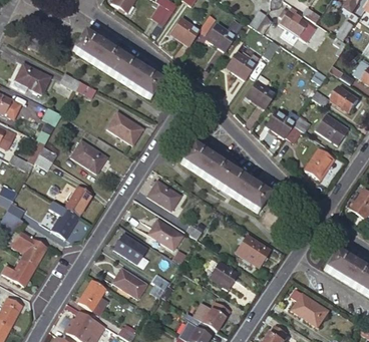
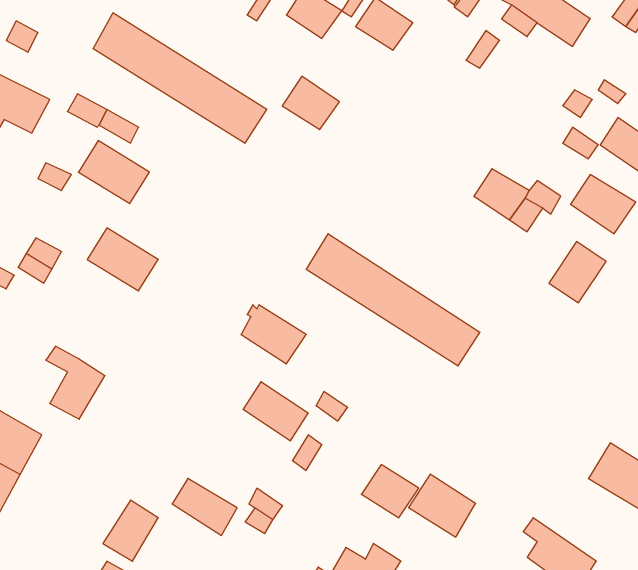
building: [226,52,255,79] -> [282,76,339,130]
building: [246,81,274,108] -> none
building: [106,112,142,144] -> [78,141,149,204]
building: [64,186,91,217] -> none
building: [113,234,146,265] -> none
building: [235,235,269,267] -> [409,474,476,537]

